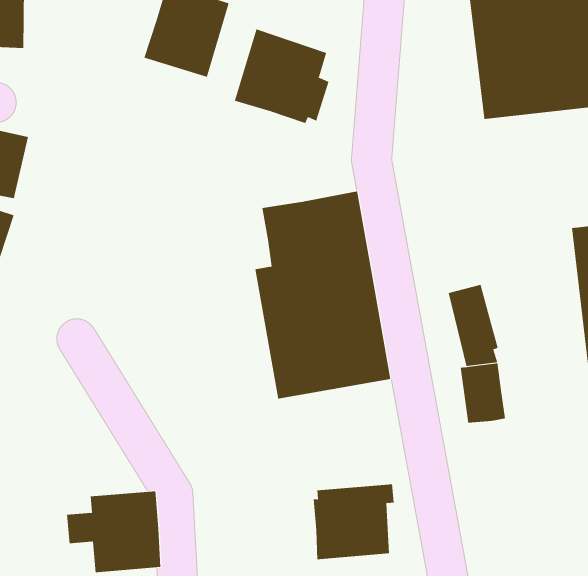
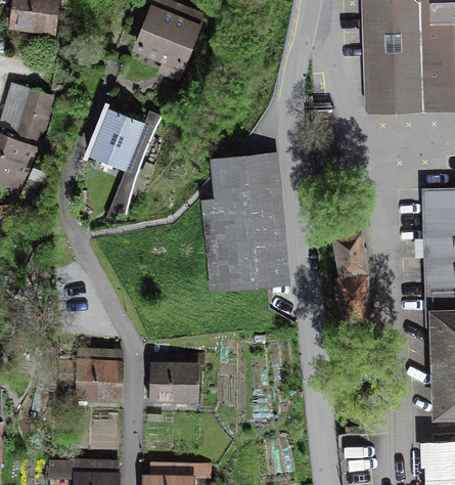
building: [234,29,329,124] -> none
building: none -> [89,109,163,219]
building: [313,484,395,560] -> [147,354,204,402]

